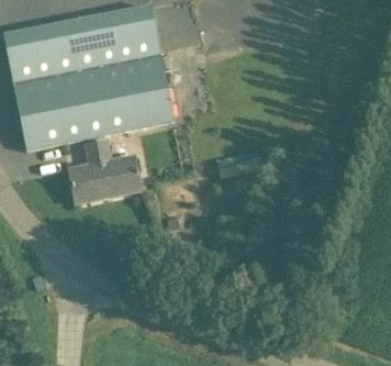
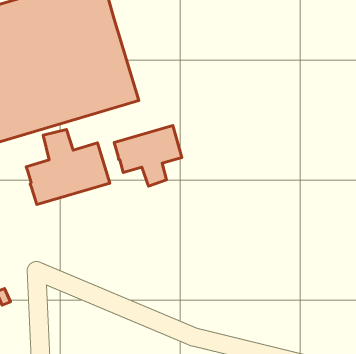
building: none -> [114,125,182,186]

